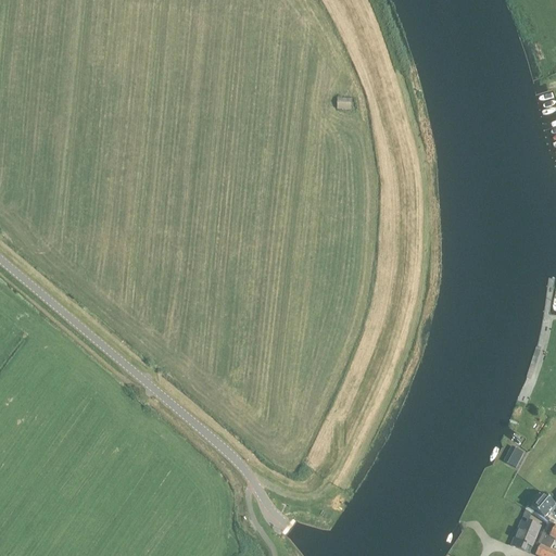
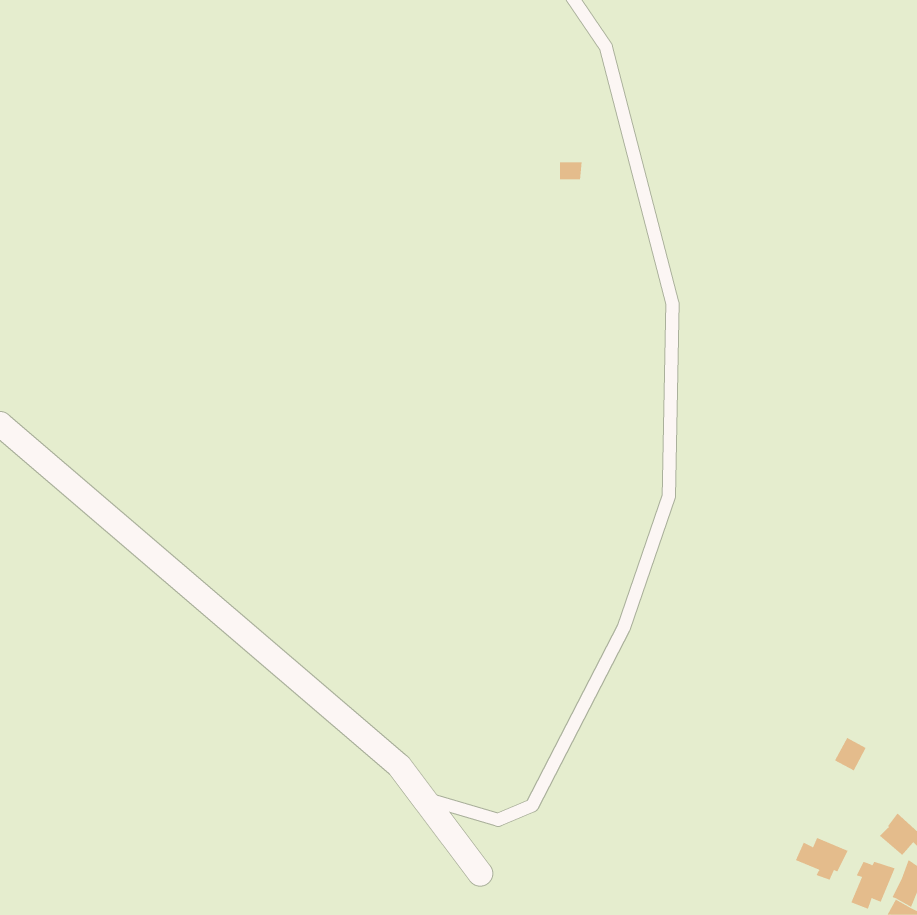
building: none -> [795,837,848,880]

